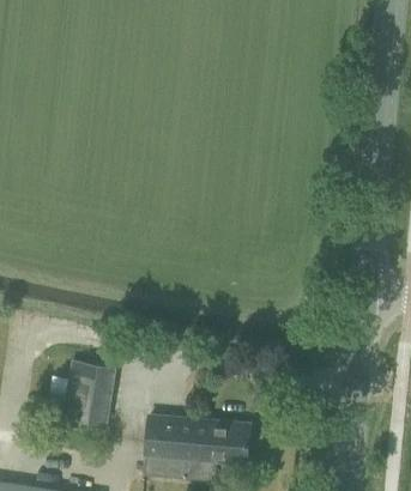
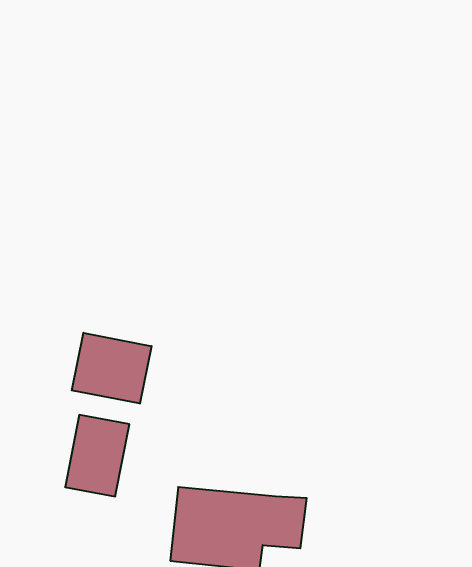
building: none -> [72,333,152,404]

